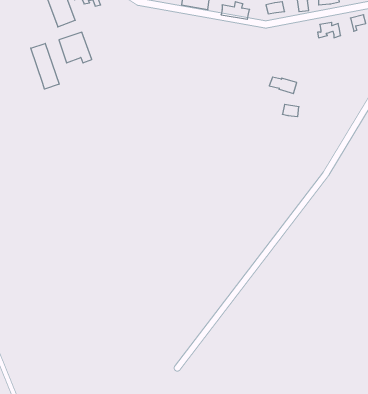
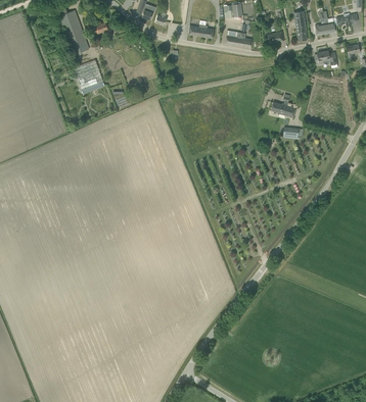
building: [31,43,59,89] -> none

